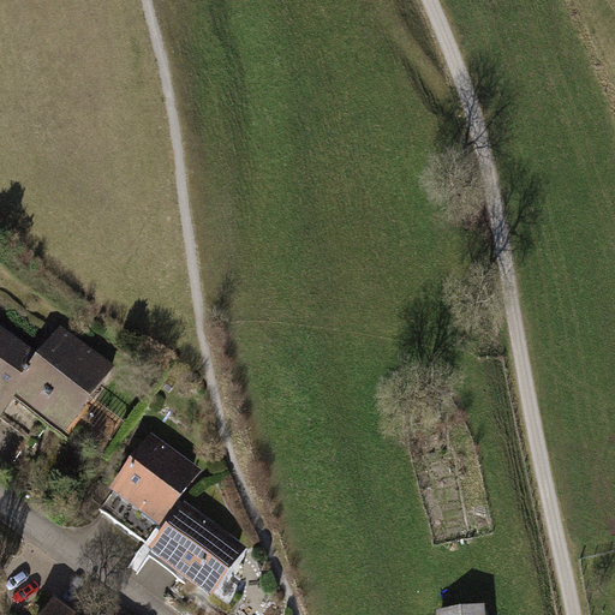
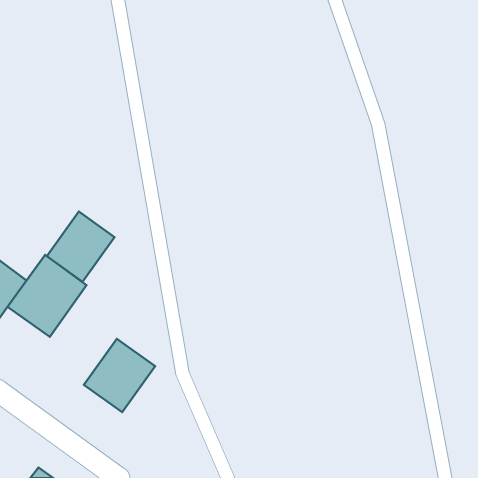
building: none -> [47,211,114,282]
building: [147,501,245,596] -> none

